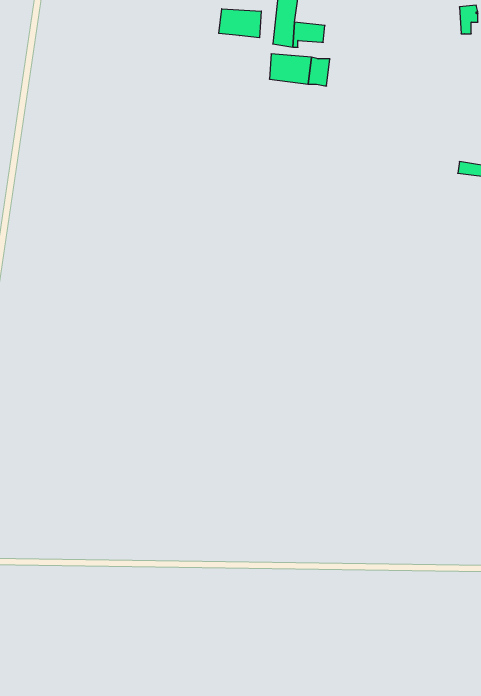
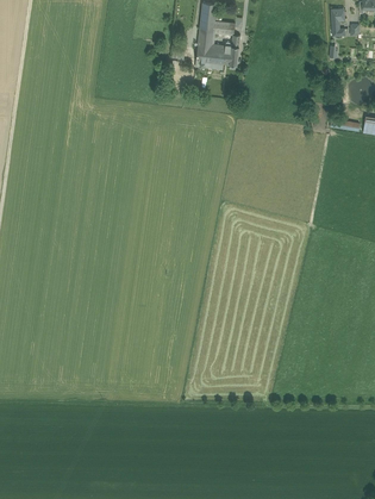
building: [219,9,261,38] -> none

